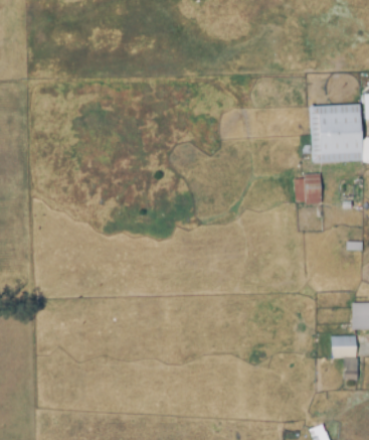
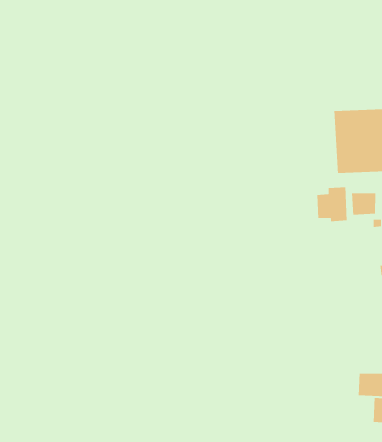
building: none -> [351,192,376,215]

